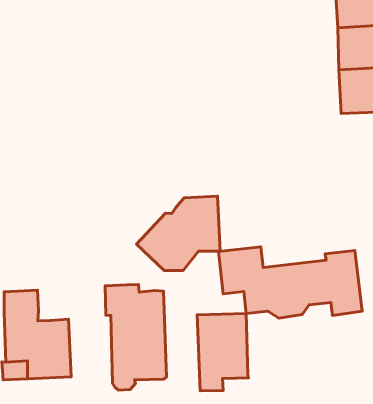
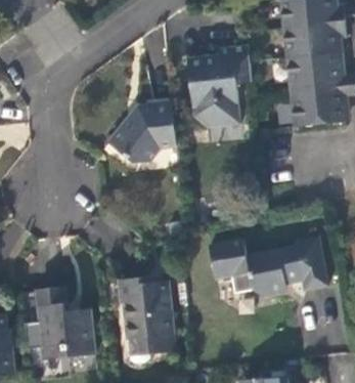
building: none -> [187,44,252,127]
building: [137,196,220,270] -> [108,100,176,163]
building: [197,313,248,391] -> none

